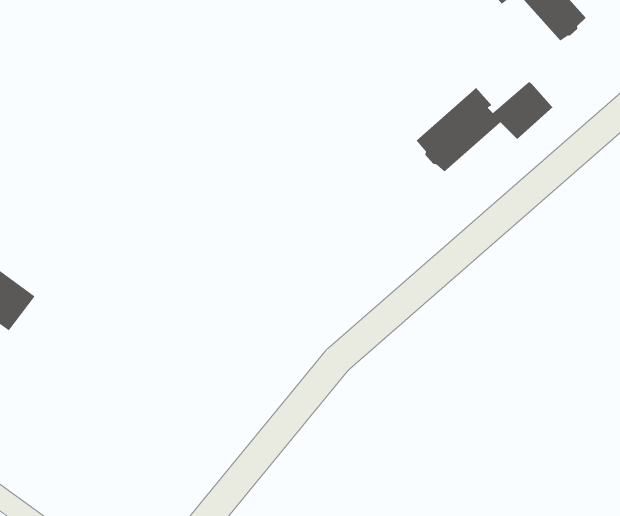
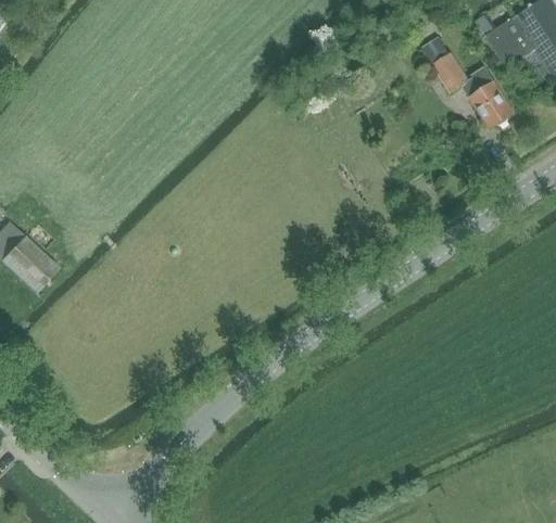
building: [416,81,554,173] -> none

